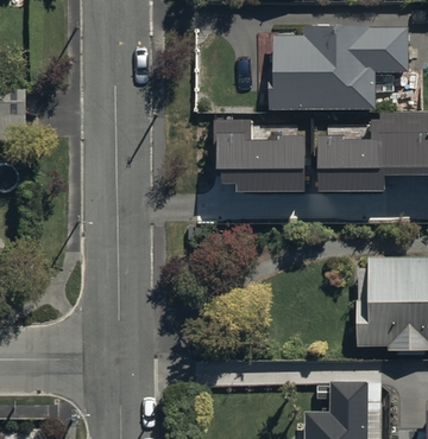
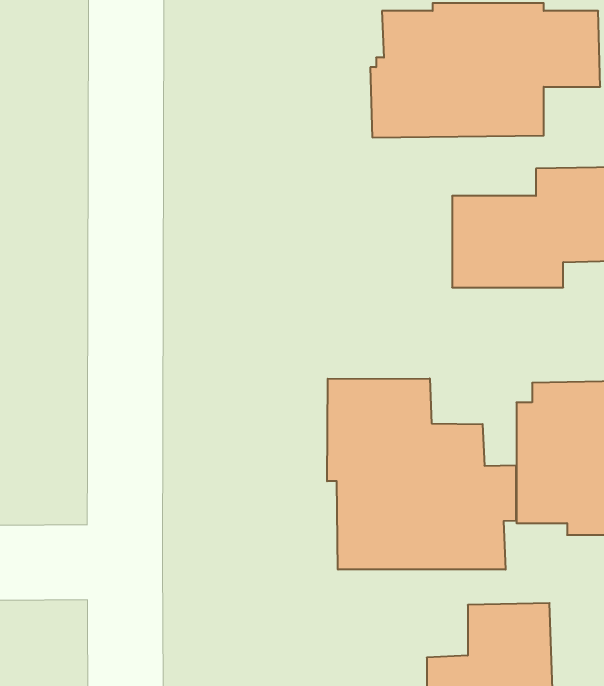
building: [214,125,306,196] -> none
building: none -> [327,378,516,570]

